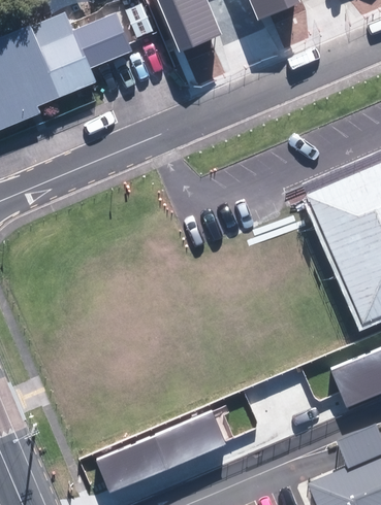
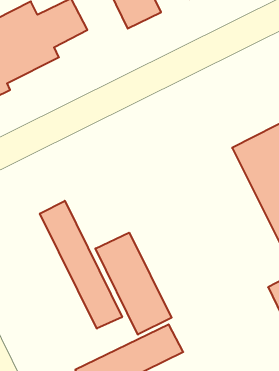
building: none -> [40,201,122,329]
building: none -> [95,233,172,335]

